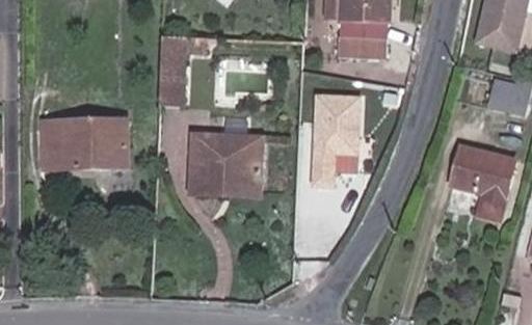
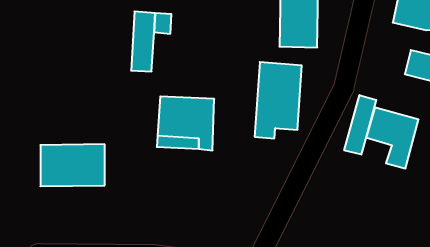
building: [48,116,126,167] -> [40,144,105,186]
building: none -> [344,95,376,155]

